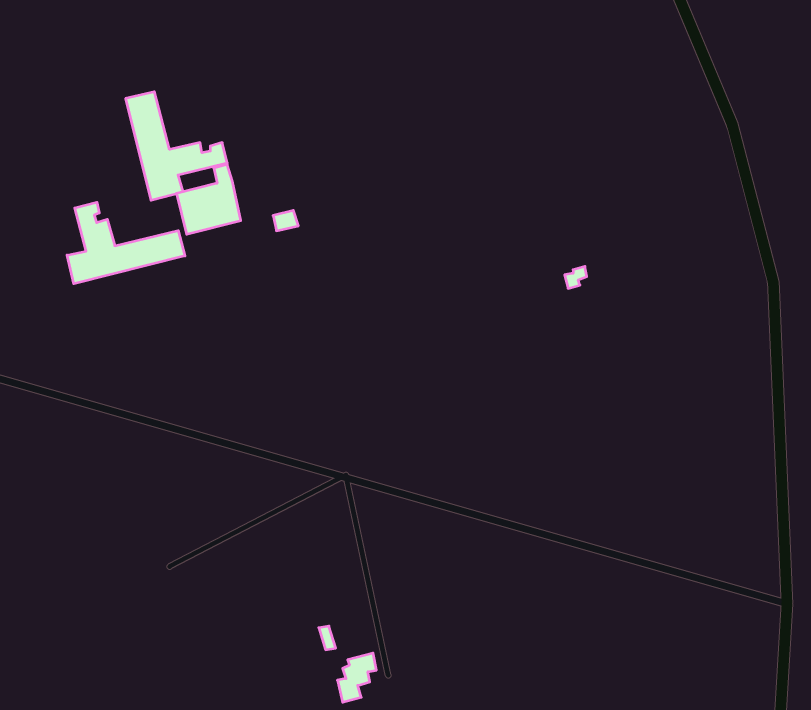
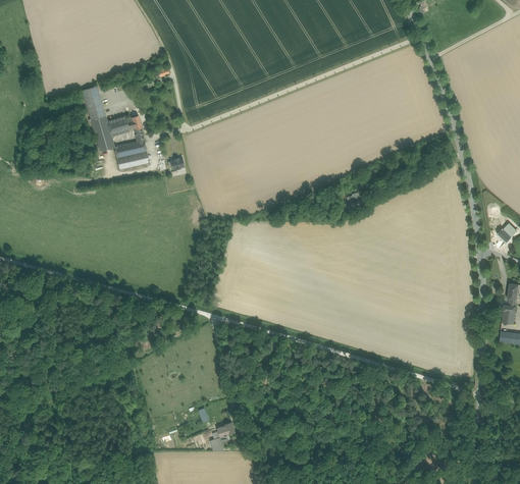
building: [67,202,185,284] -> none

